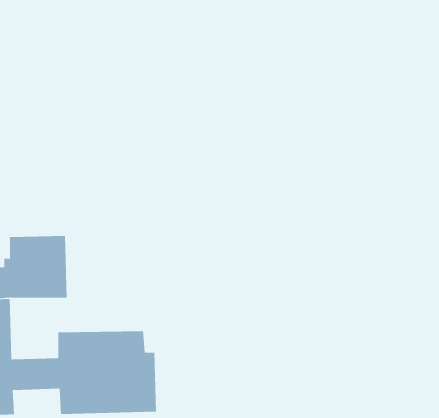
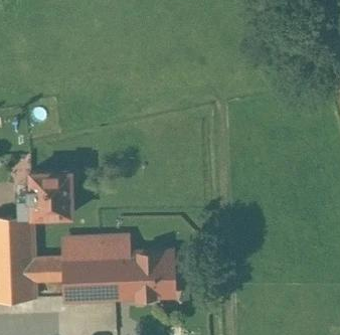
building: none -> [135,253,173,296]

